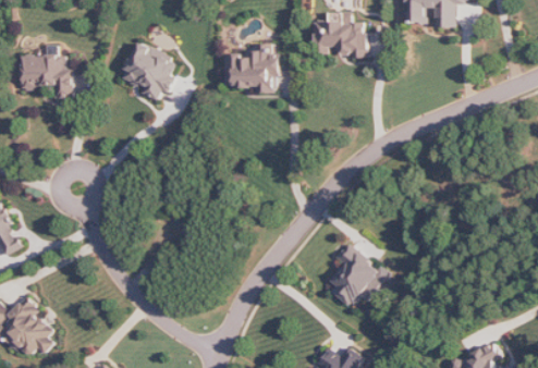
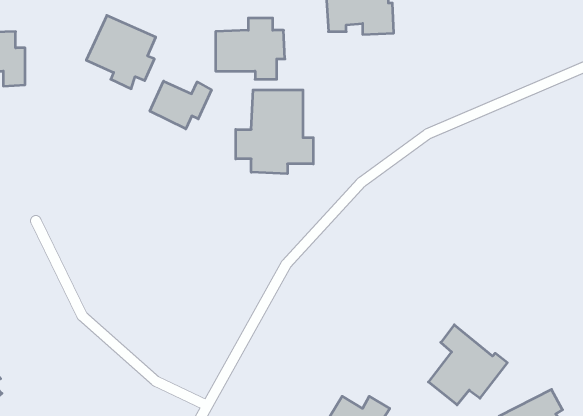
building: none -> [150,81,211,129]
building: none -> [236,90,313,174]
building: [327,244,390,308] -> [428,325,507,405]

